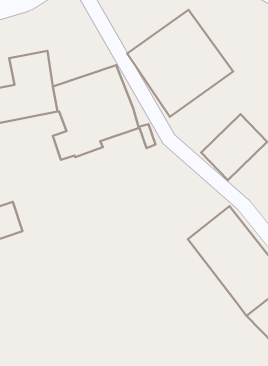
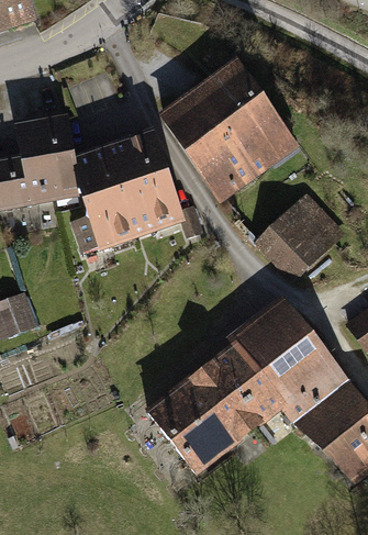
building: none -> [147,345,294,488]

